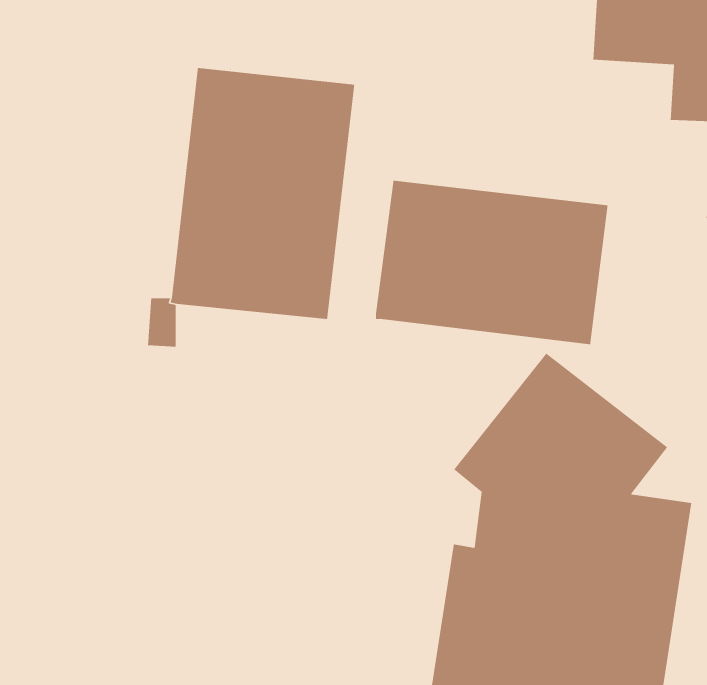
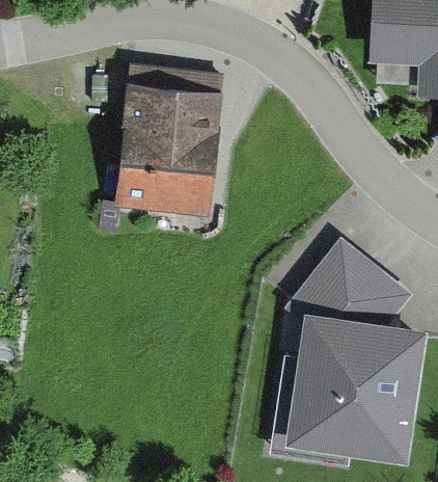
building: [375,180,608,345] -> none

